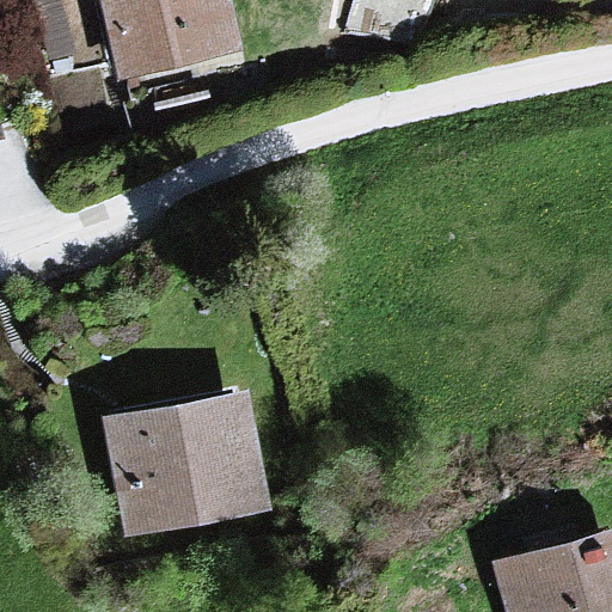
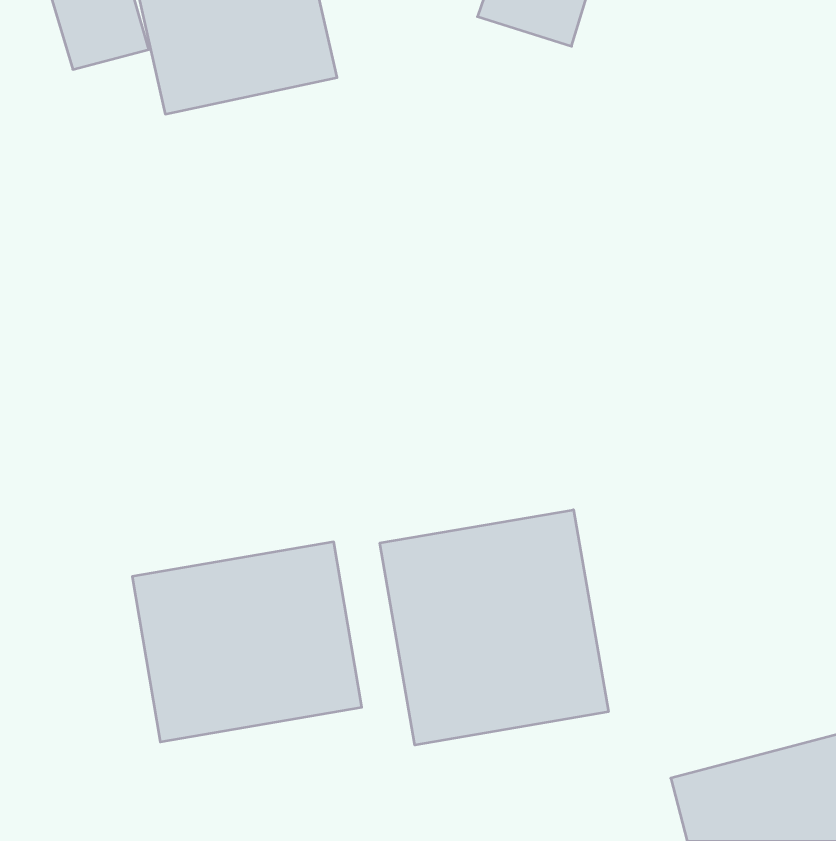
building: none -> [380,510,608,745]

